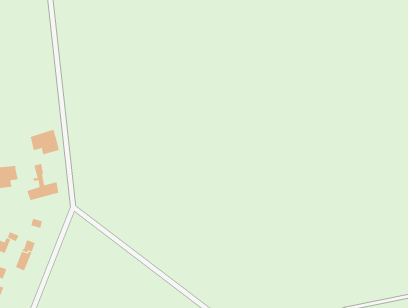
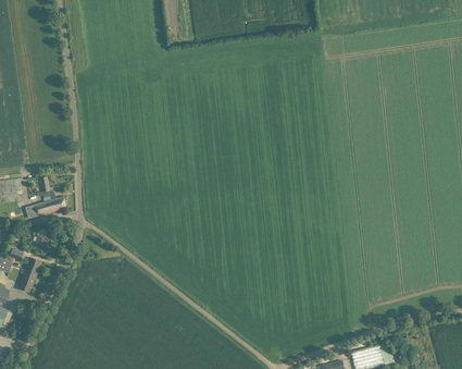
building: [30,129,60,155] -> none

